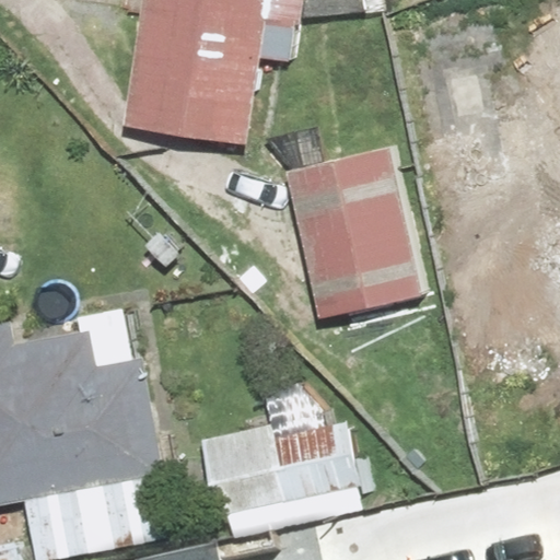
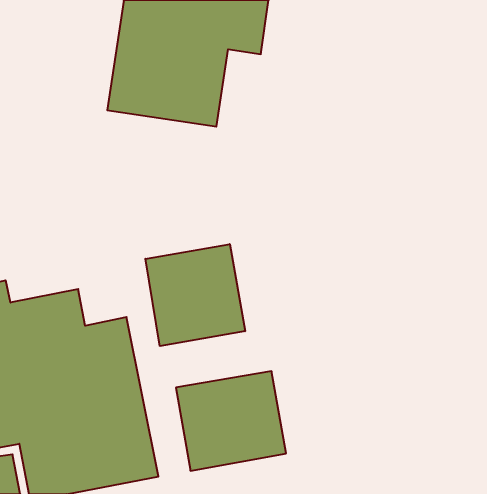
building: [284,148,424,322] -> none
building: none -> [145,244,245,346]

